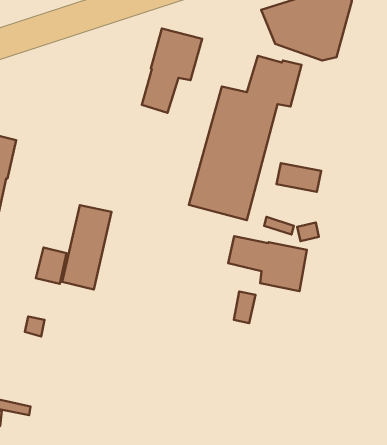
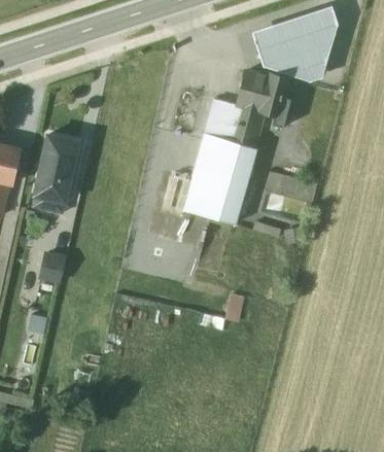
building: [142,28,202,113] -> none
building: [62,205,111,290] -> [32,136,78,215]
building: [228,236,307,291] -> none

